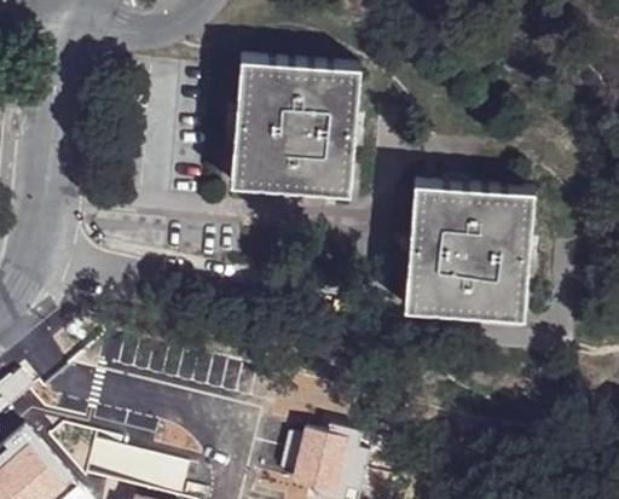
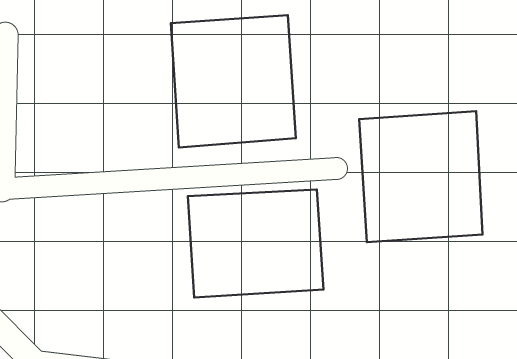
building: none -> [188,189,323,297]

